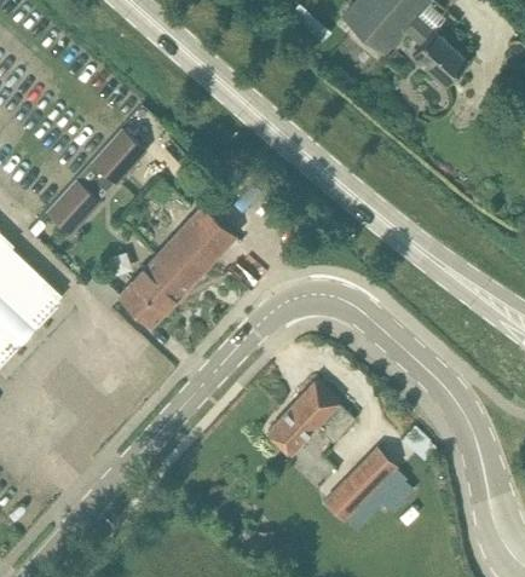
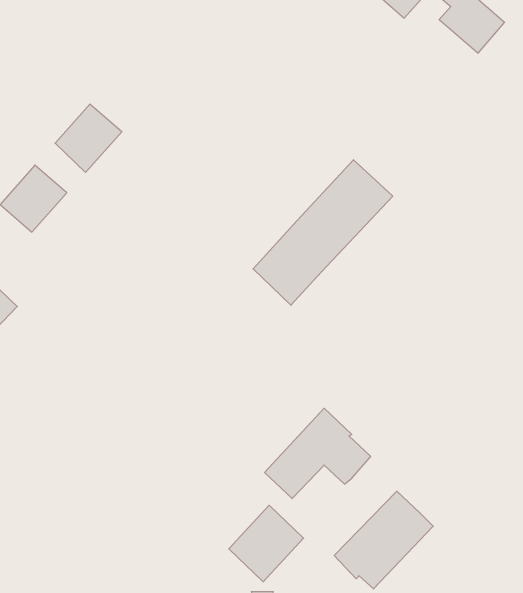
building: [119,206,235,327] -> [253,160,393,305]
building: none -> [229,505,304,582]

